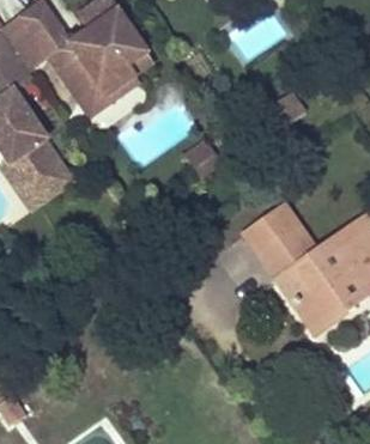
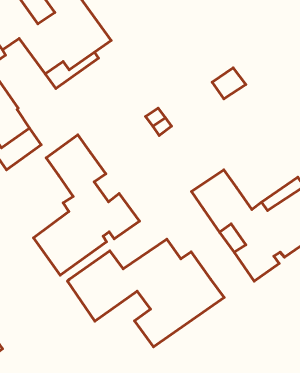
building: none -> [34,135,139,275]
building: none -> [67,239,224,347]

